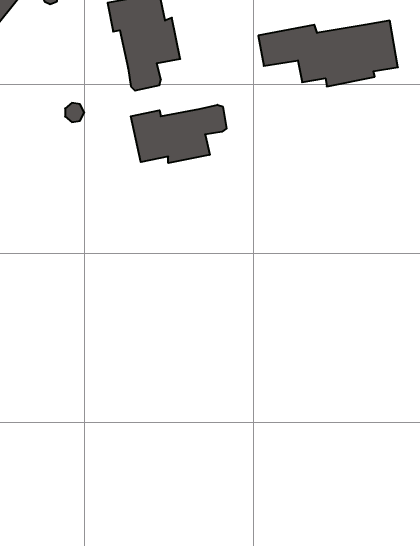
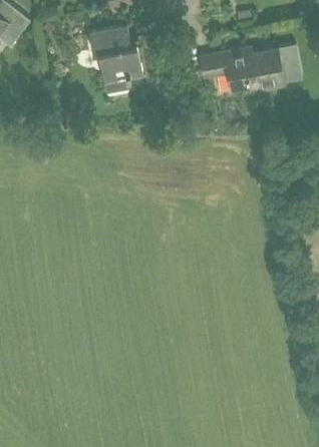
building: [131,105,227,163] -> none

